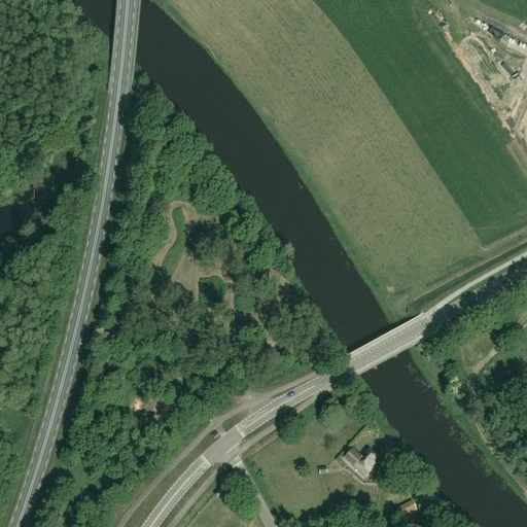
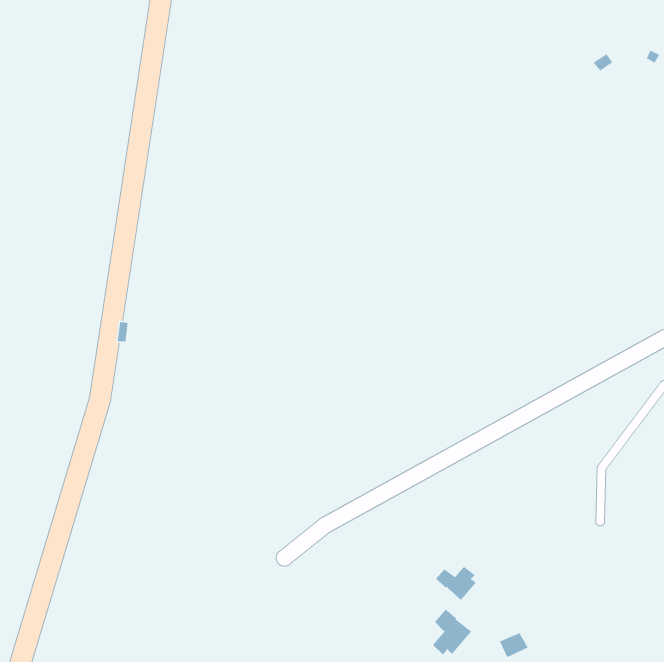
building: none -> [432,608,472,656]

